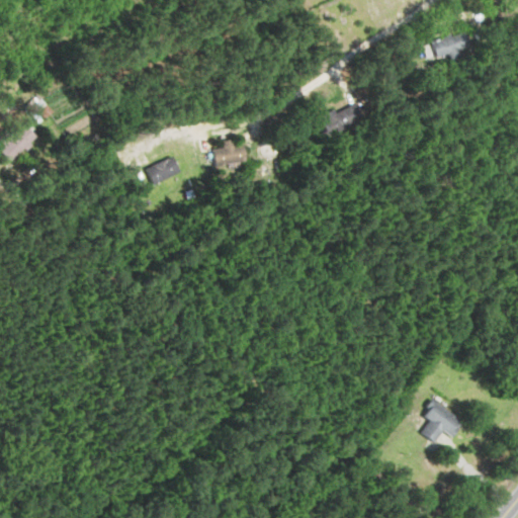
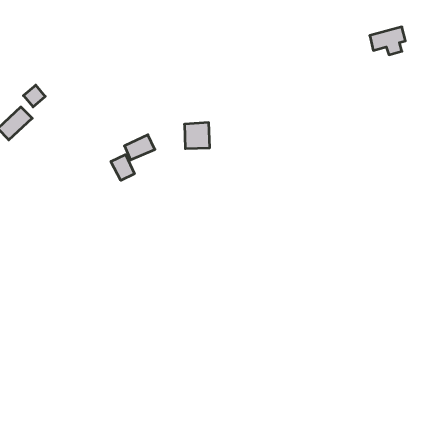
building: [321,102,363,137] -> none
building: none -> [111,155,134,180]
building: [420,400,462,443] -> none

